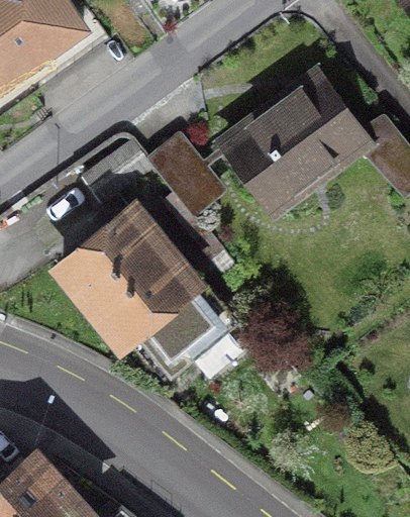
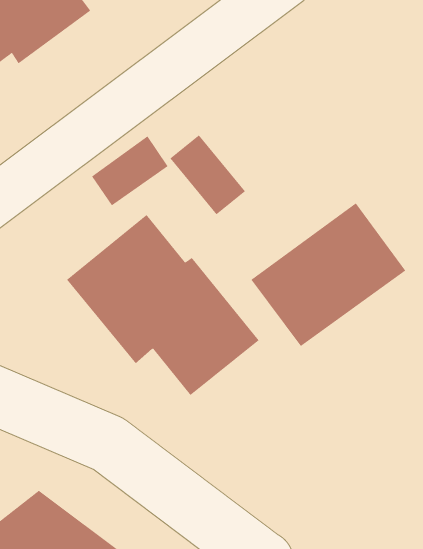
building: [225,78,364,206] -> [250,202,406,347]

